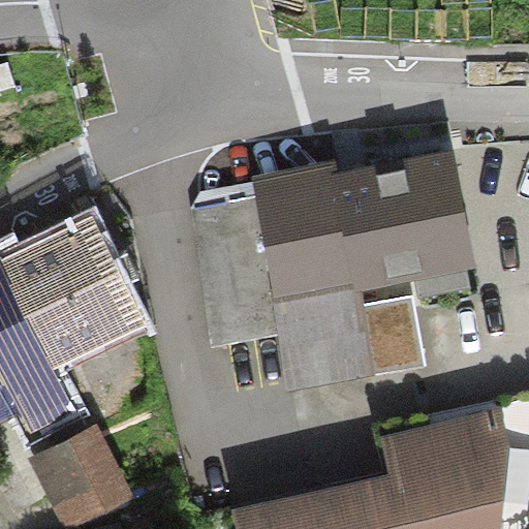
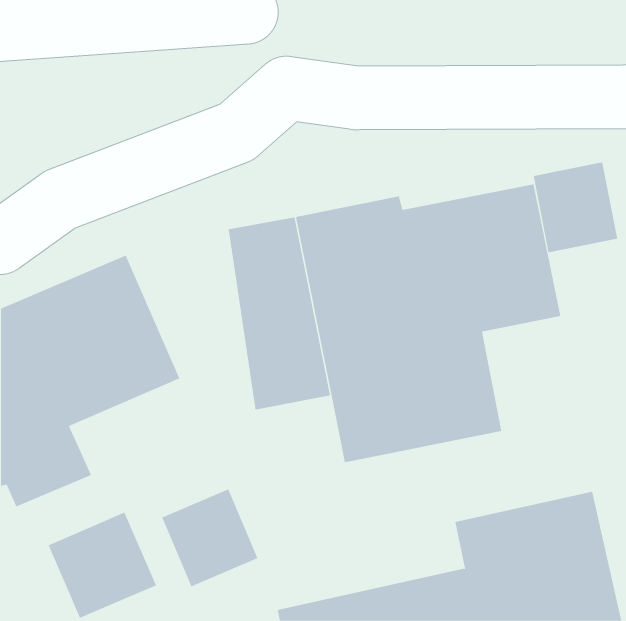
building: none -> [533,162,618,253]
building: none -> [161,488,258,587]

